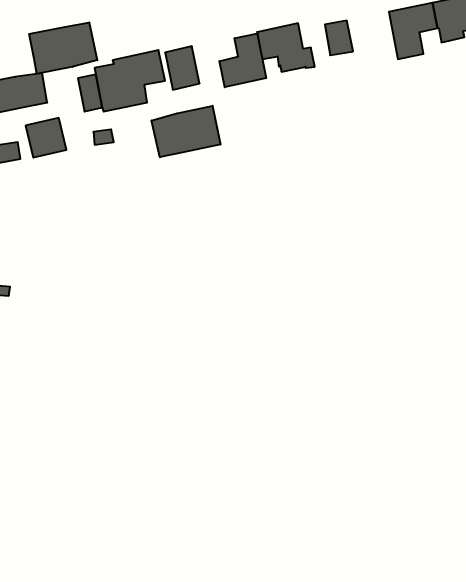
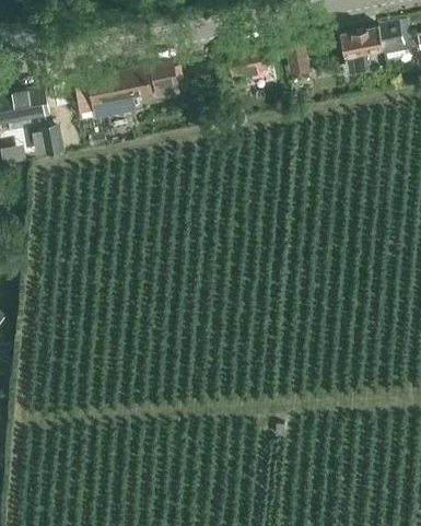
building: [29,22,97,74] -> none
building: [219,33,266,87] -> none
building: [152,106,220,157] -> none

